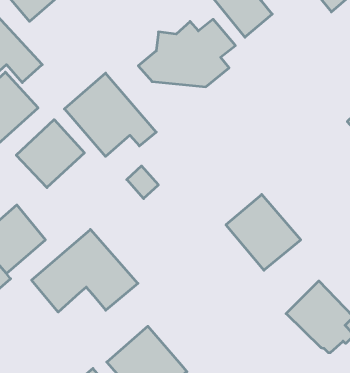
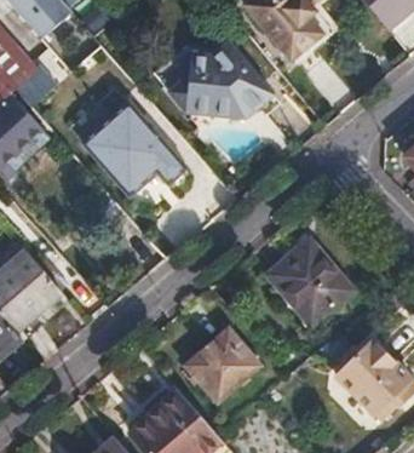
building: [16,120,84,188] -> none
building: [32,229,138,312] -> none
building: none -> [185,329,259,401]

